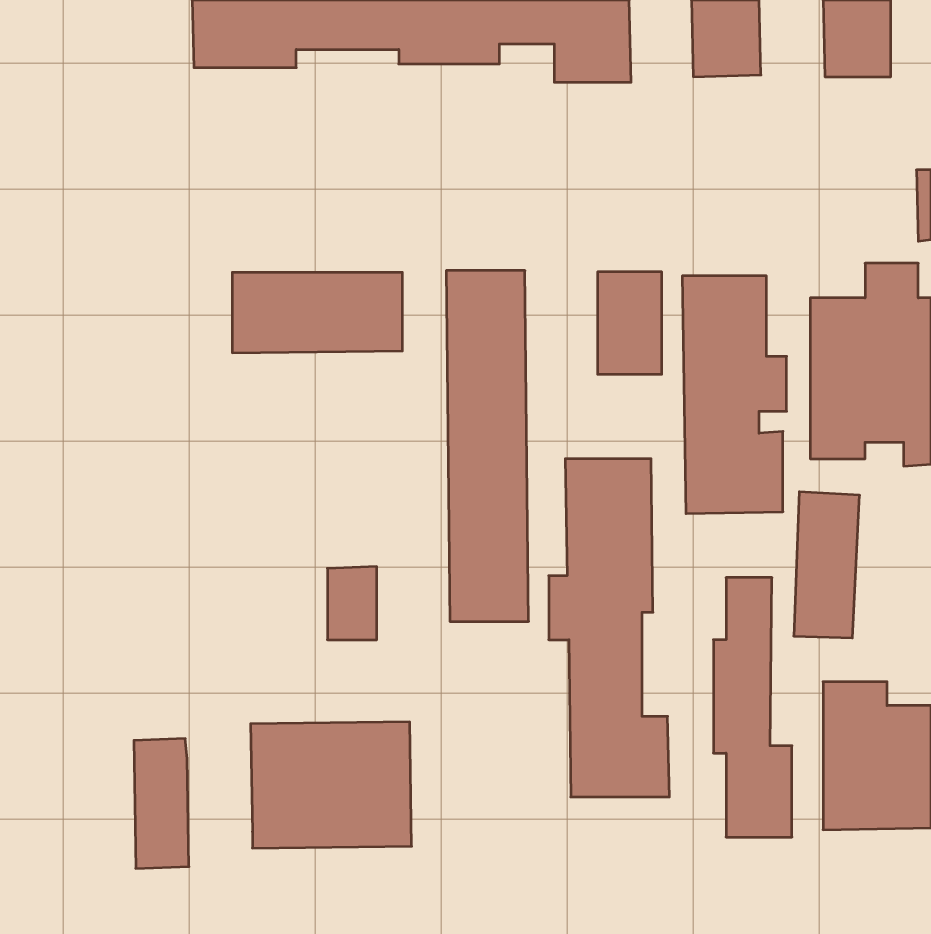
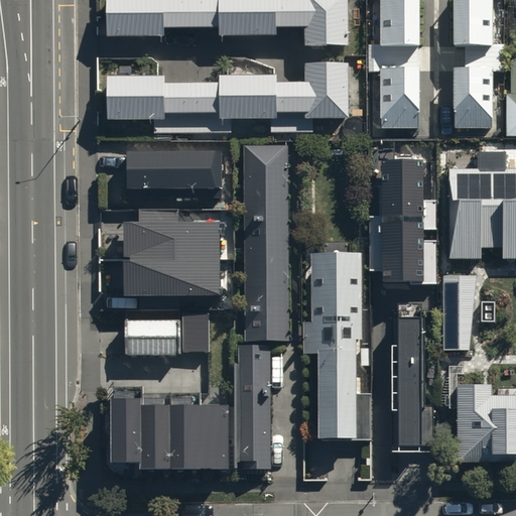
building: none -> [109,61,351,137]
building: none -> [454,70,493,126]
building: [598,272,662,374] -> [381,69,416,125]
building: none -> [121,216,218,291]
building: none -> [121,312,178,353]
building: none -> [233,348,273,476]
building: [134,739,189,868] -> [109,388,139,460]

